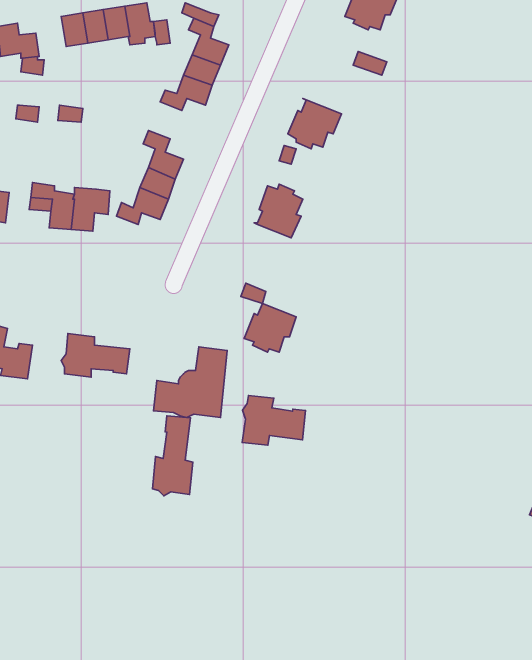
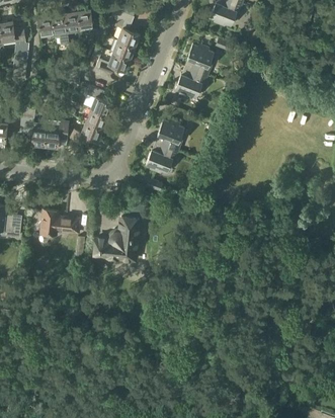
building: none -> [184,44,214,76]
building: [244,303,296,352] -> [146,143,177,172]
building: [242,396,305,445] -> none
building: [152,416,193,496] -> none

